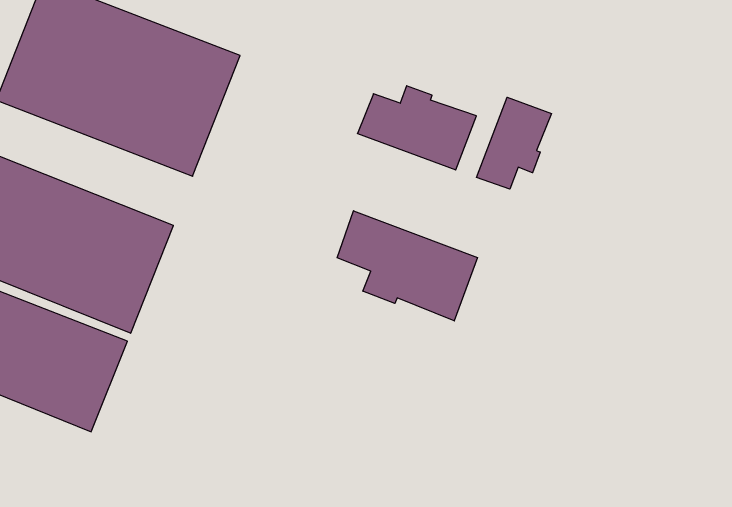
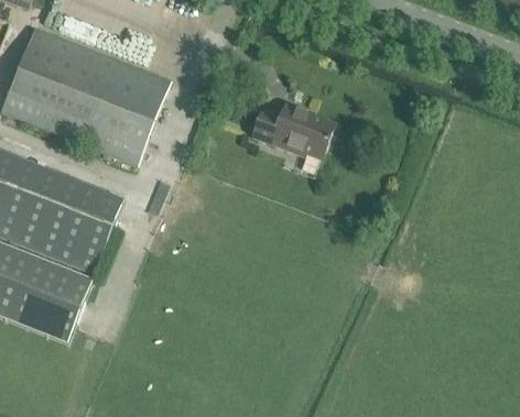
building: [477,97,551,189] -> none
building: [337,211,477,321] -> none

